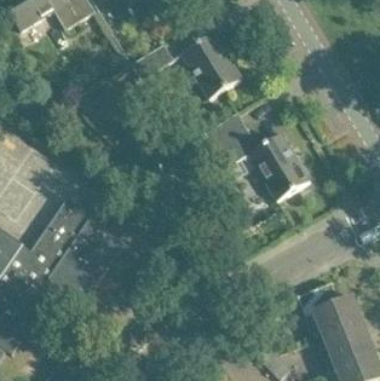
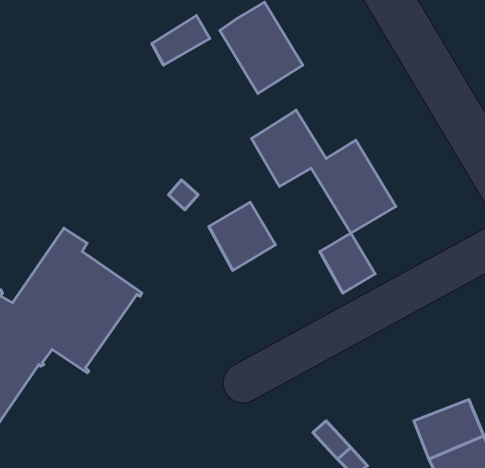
building: none -> [209,202,276,270]
building: none -> [320,233,375,293]
building: [298,283,363,337] -> none

